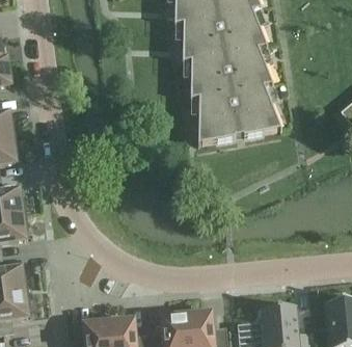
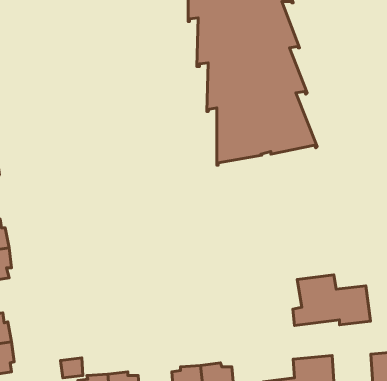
building: none -> [293,275,370,325]

